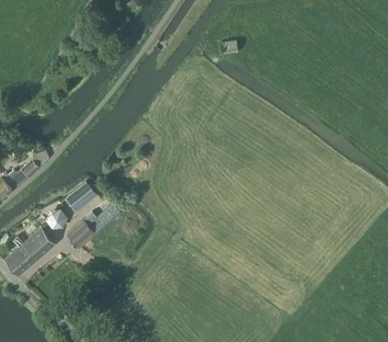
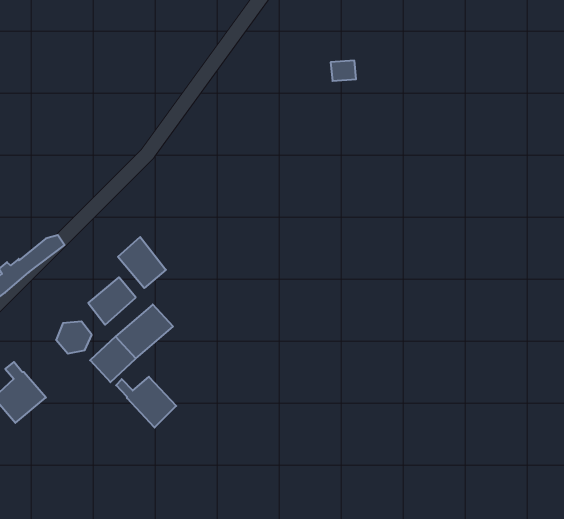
building: none -> [118,237,166,288]
building: [24,228,55,259] -> none
building: none -> [116,377,176,428]

